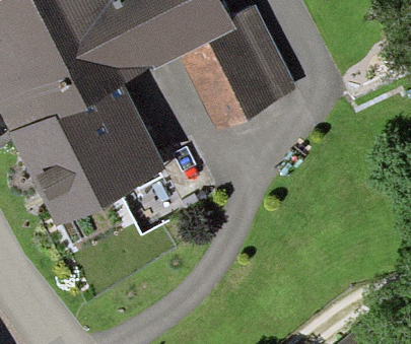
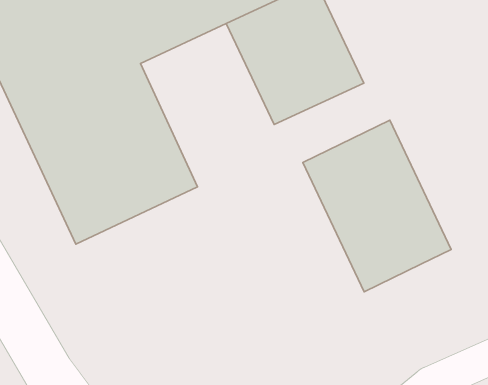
building: none -> [303,120,451,292]

